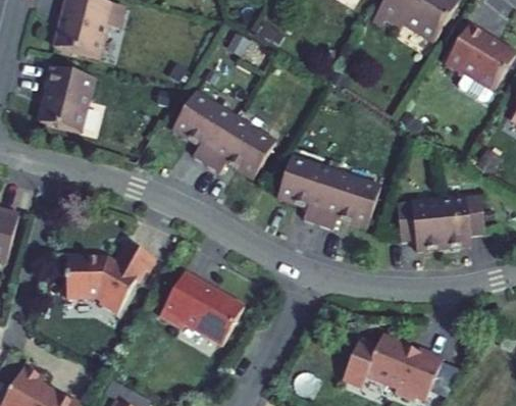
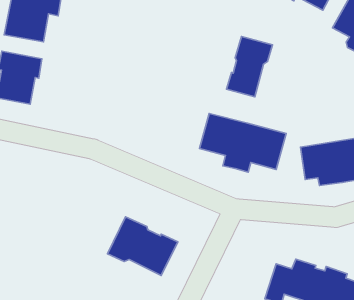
building: none -> [227,36,272,97]
building: [172,90,276,177] -> none
building: [65,242,155,312] -> none

